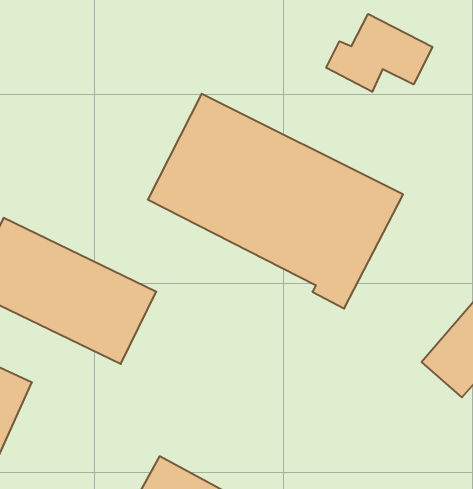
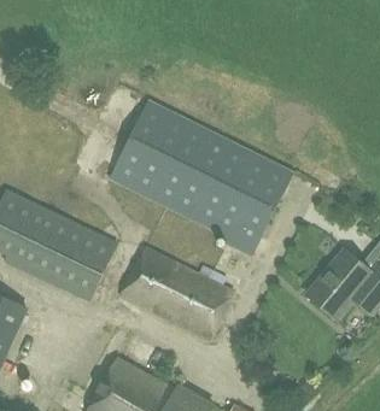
building: [326,14,432,92] -> none
building: none -> [121,247,233,337]

